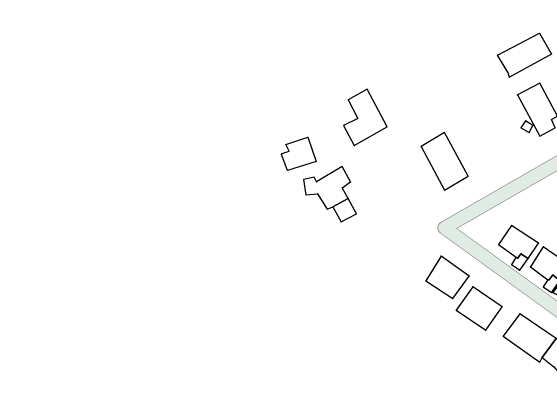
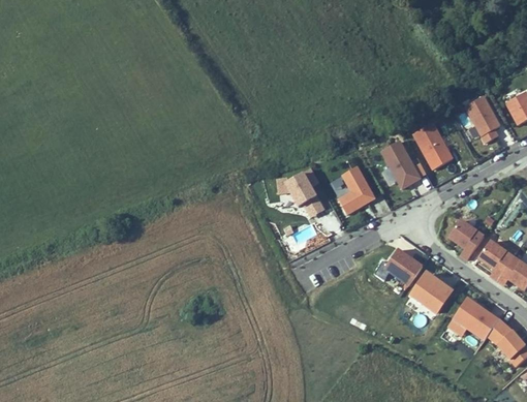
building: [498,33,552,77] -> none
building: [344,89,387,146] -> [338,165,376,215]
building: none -> [413,121,454,169]
building: [282,137,316,170] -> none

